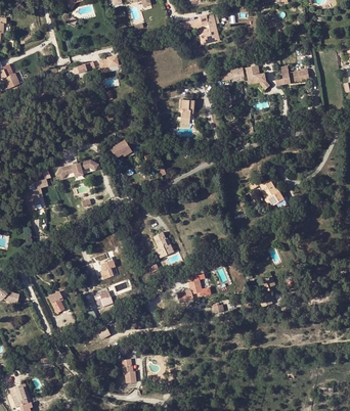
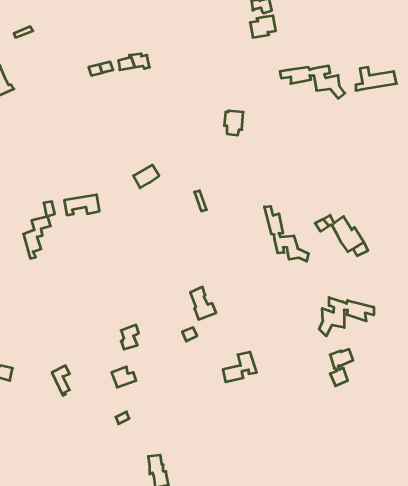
building: none -> [264,206,309,261]
building: none -> [319,297,374,336]

